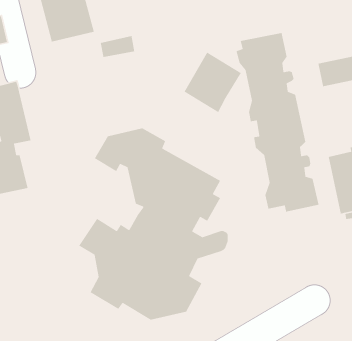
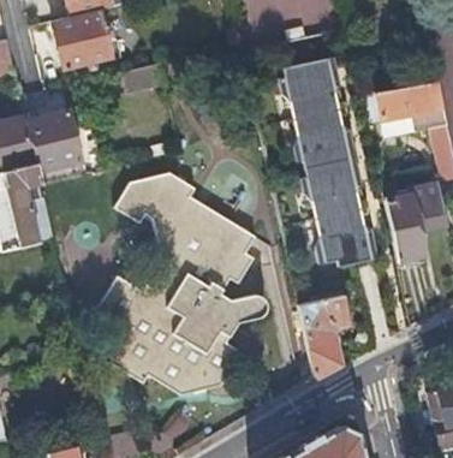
building: [184,52,242,113] -> none
building: none -> [28,111,79,184]
building: none -> [299,295,351,376]

